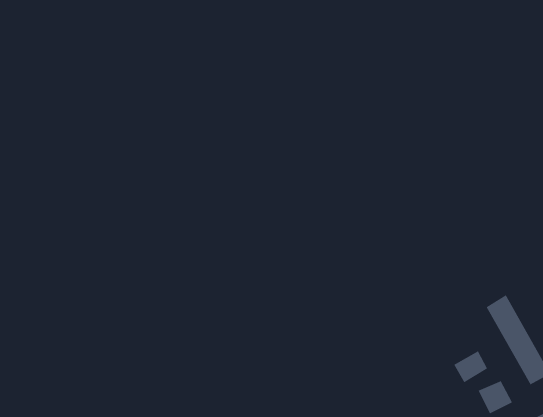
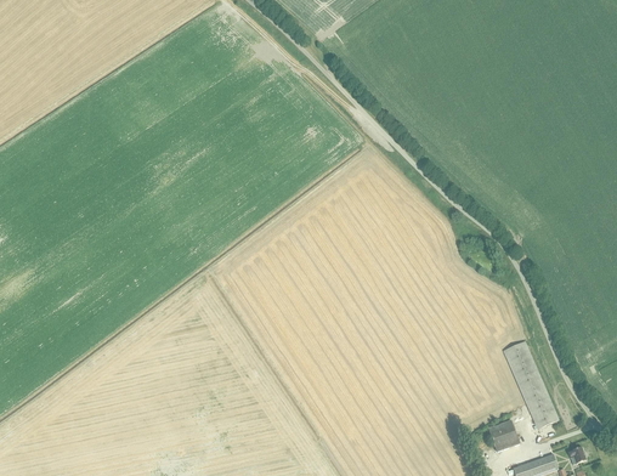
building: [454,351,488,383] -> none

